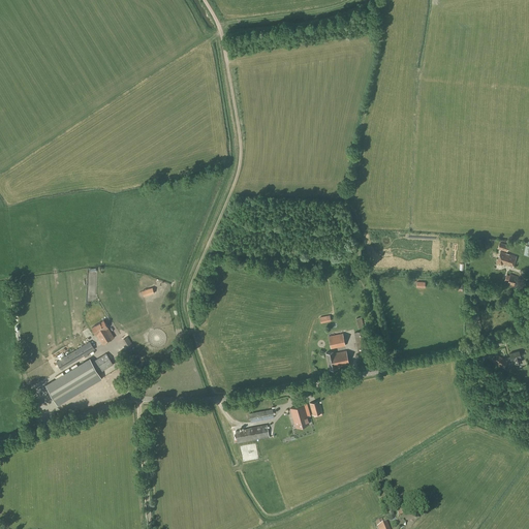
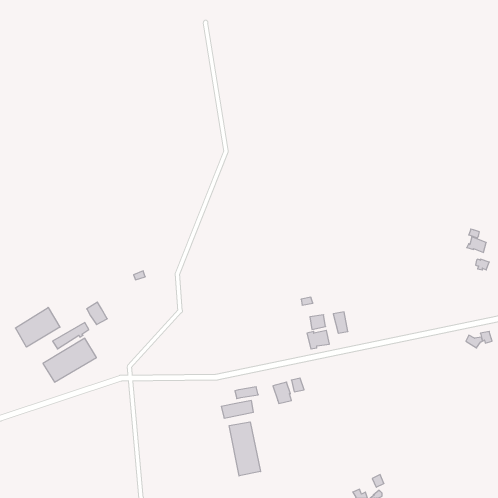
building: none -> [15,307,60,347]
building: none -> [229,422,261,476]

